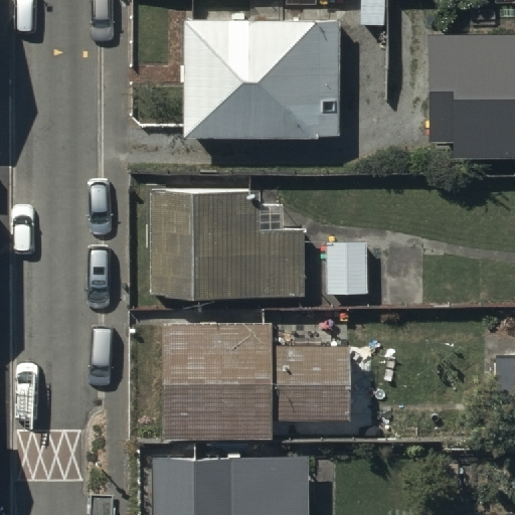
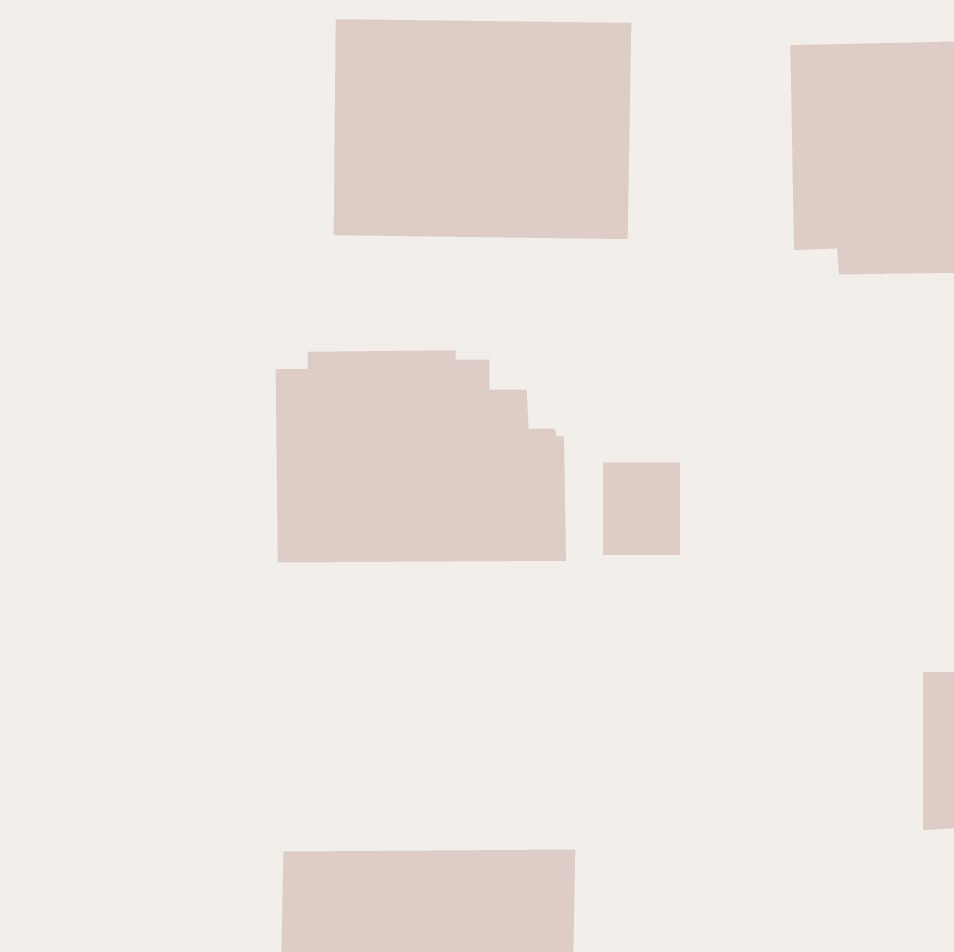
building: [164,334,350,450] -> none

